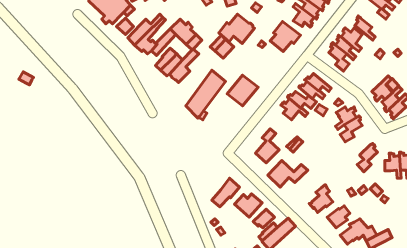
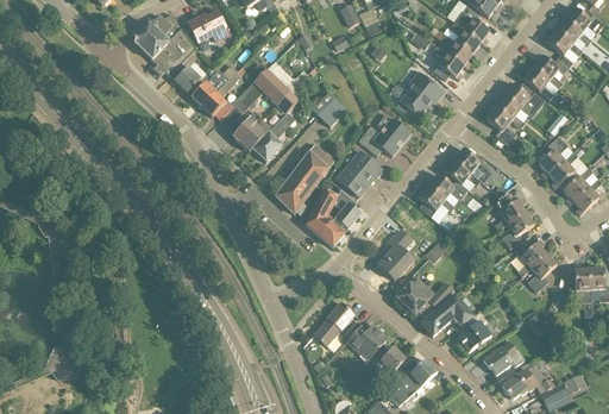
building: none -> [532,52,569,87]
building: [219,14,255,44] -> [358,113,410,156]
building: none -> [539,134,567,177]
building: none -> [306,189,360,246]
building: none -> [516,239,546,275]
building: none -> [421,293,473,335]

